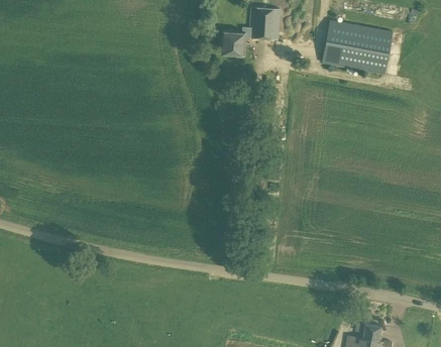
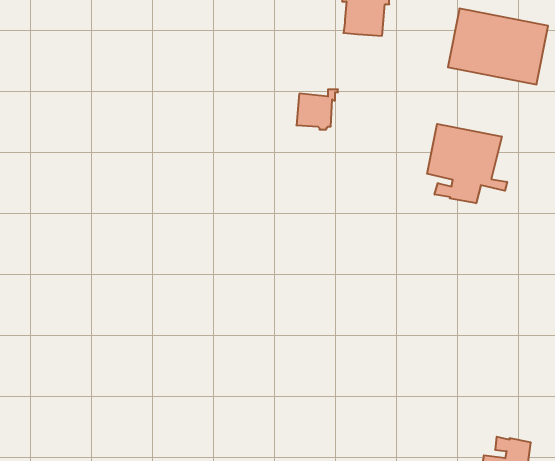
building: [221,28,250,56] -> [296,89,338,129]
building: none -> [427,124,507,203]

